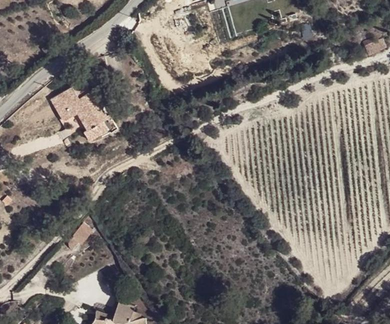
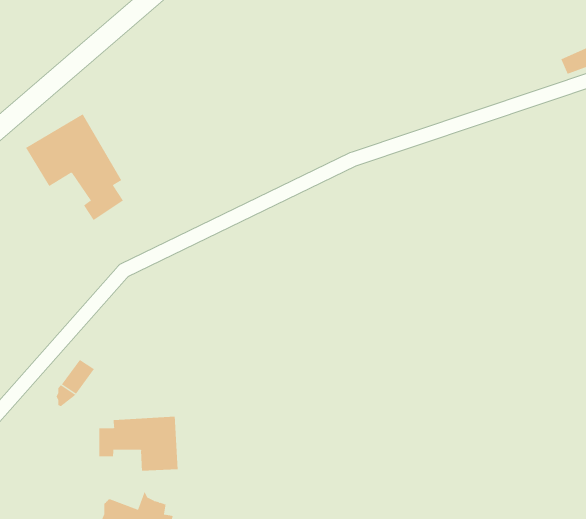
building: none -> [99,416,178,471]

